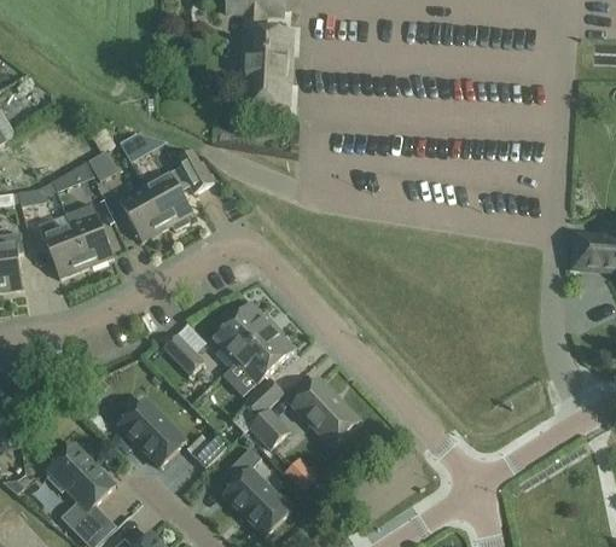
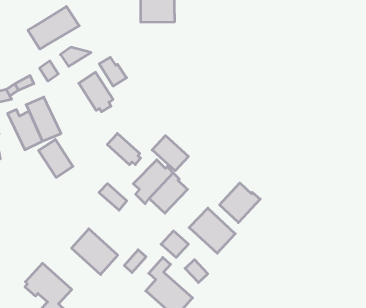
building: none -> [28,6,79,49]
building: [118,186,167,242] -> [39,139,73,177]
building: none -> [107,133,141,165]
building: none -> [152,136,188,171]
building: none -> [220,183,260,223]
building: [243,378,283,418] -> none

